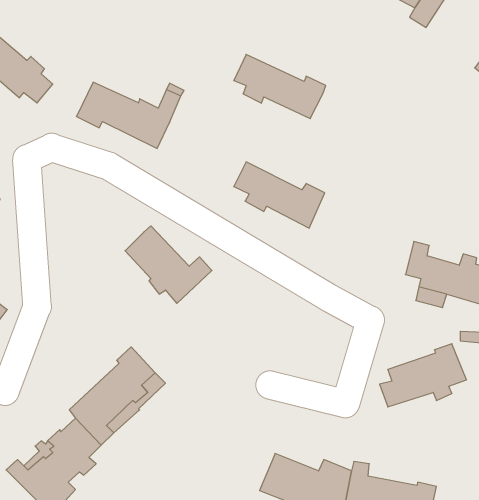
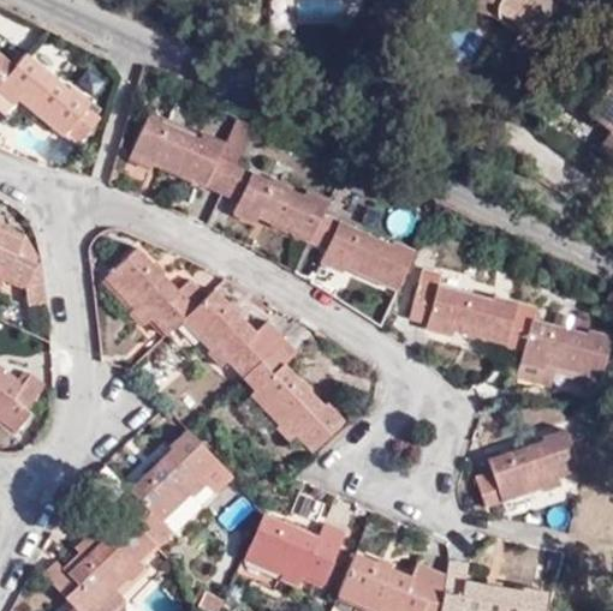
building: [234,54,326,119] -> [220,168,327,242]
building: none -> [108,248,204,331]
building: none -> [409,275,518,345]
building: none -> [243,340,343,449]
building: none -> [245,507,344,582]

